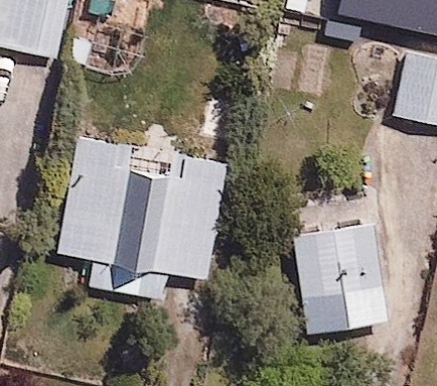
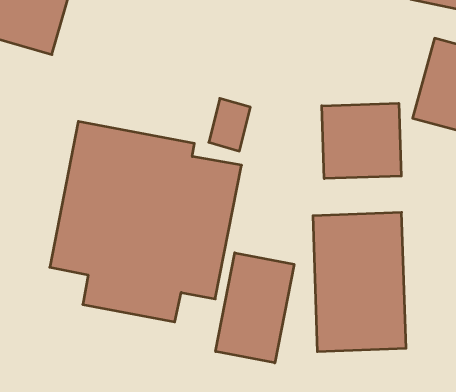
building: none -> [322,103,401,179]
building: none -> [216,253,294,363]

